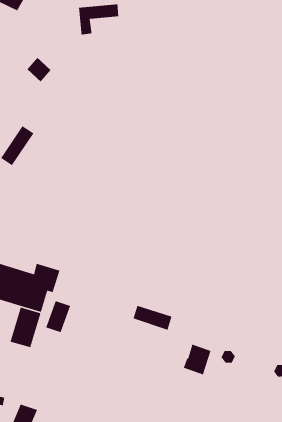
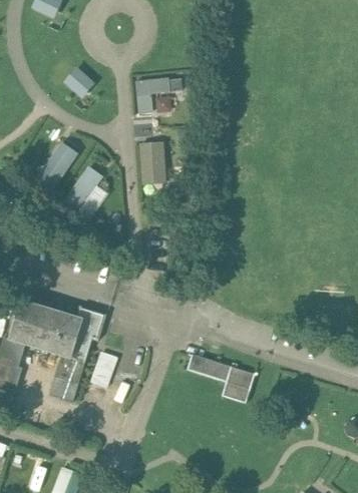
building: [78,4,119,36] -> [137,80,184,116]
building: none -> [138,138,165,190]
building: none -> [65,169,104,215]
building: [183,343,211,375] -> [222,365,254,401]

